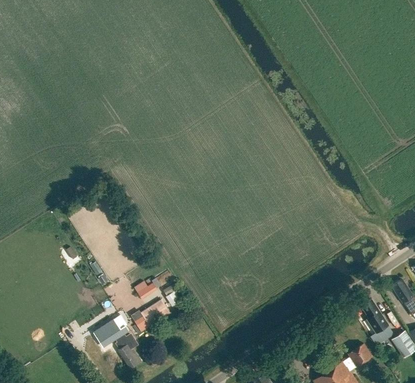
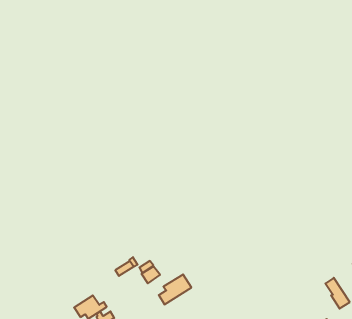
building: [135,299,170,331] -> [159,274,191,304]

